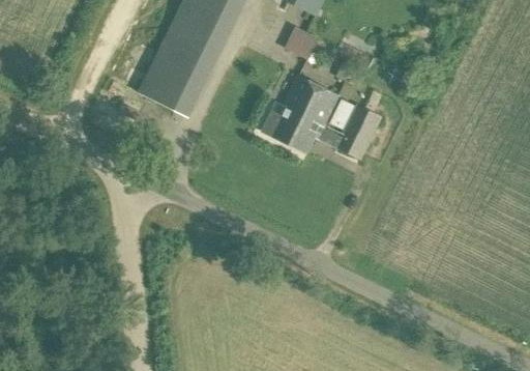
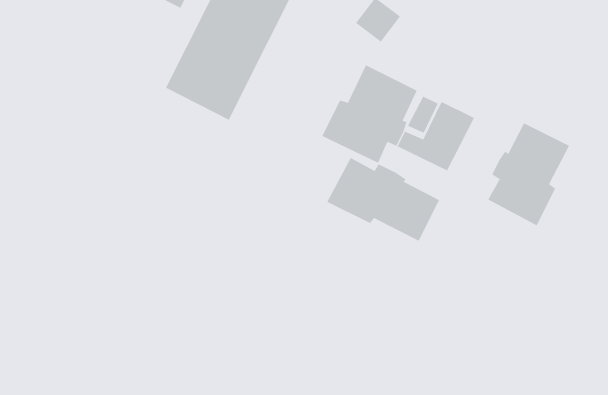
building: none -> [487,122,570,226]
building: none -> [327,157,440,242]

